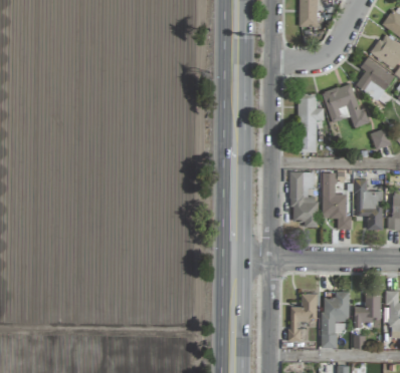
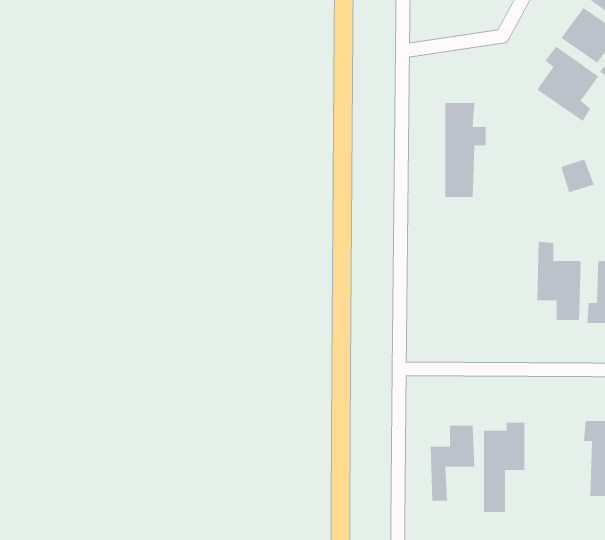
building: [323,83,370,127] -> none
building: [290,171,319,227] -> none
building: [323,173,352,230] -> none
building: [355,294,382,327] -> none

